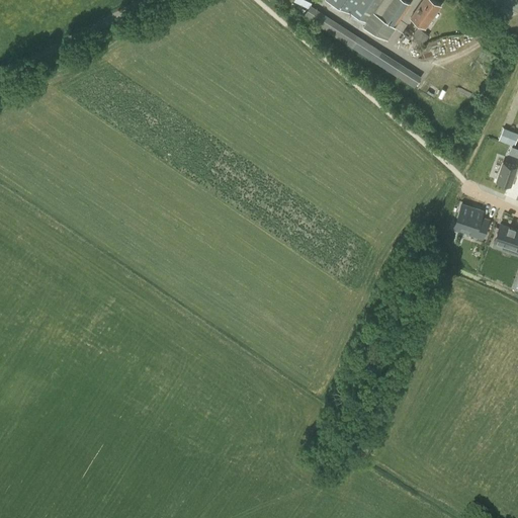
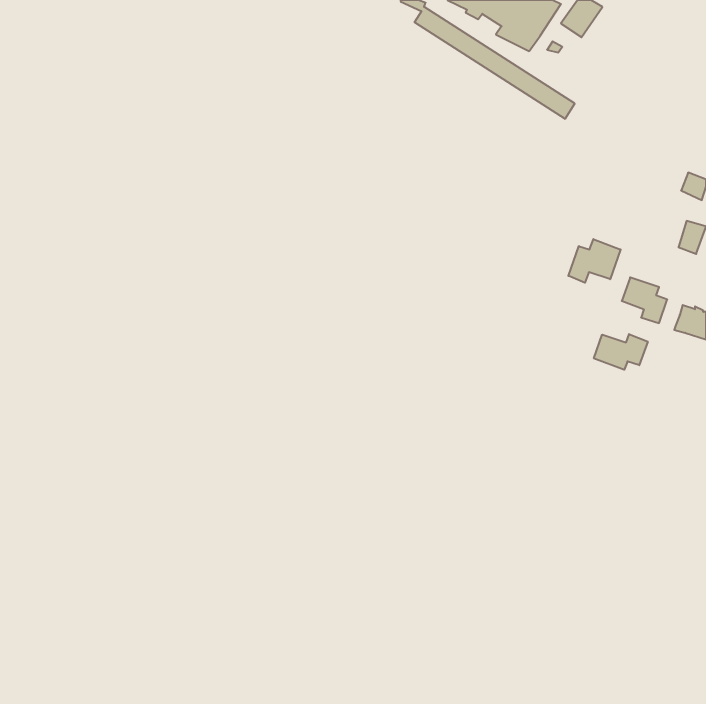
building: none -> [568,239,621,283]
building: none -> [594,334,648,370]

